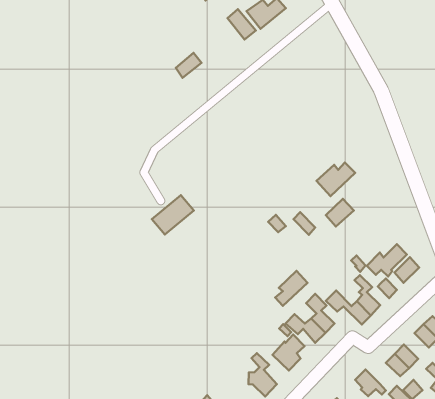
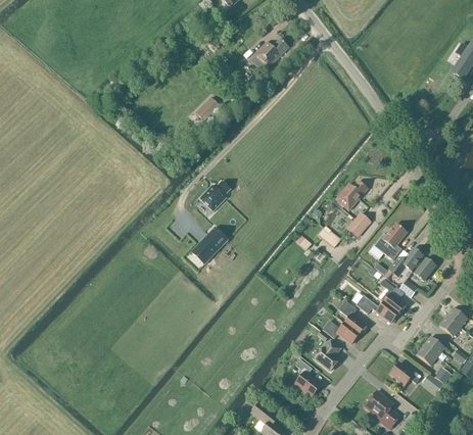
building: none -> [200,180,231,209]
building: none -> [375,223,407,259]
building: [275,271,308,306] -> none

